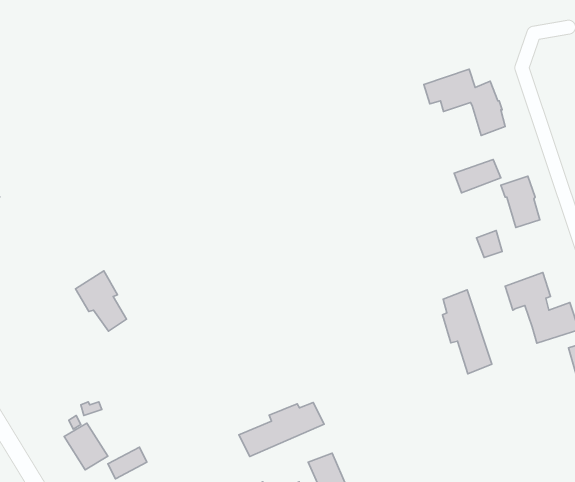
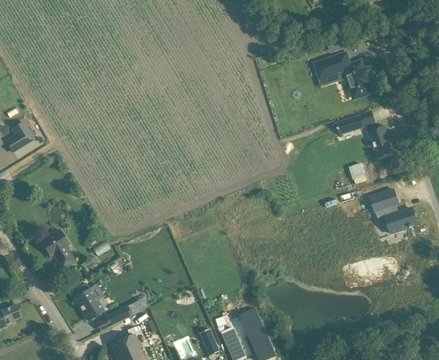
building: [75,271,127,331] -> [41,228,75,268]
building: [442,290,492,374] -> none
building: [239,403,324,457] -> none

